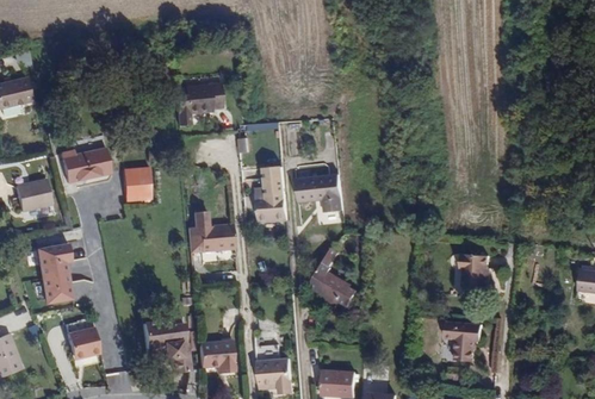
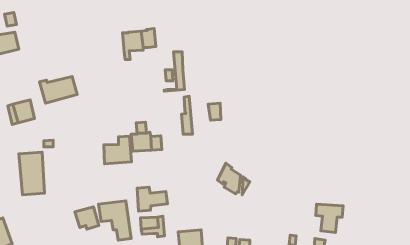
building: [122,164,151,200] -> none
building: [256,172,285,226] -> [164,52,185,91]
building: [312,177,341,214] -> none
building: none -> [104,136,131,164]
building: [457,253,486,288] -> none
building: none -> [137,187,168,211]
building: [63,331,97,362] -> [75,207,99,229]

